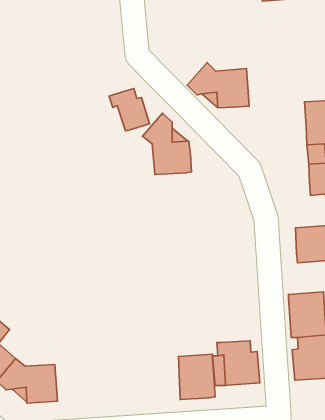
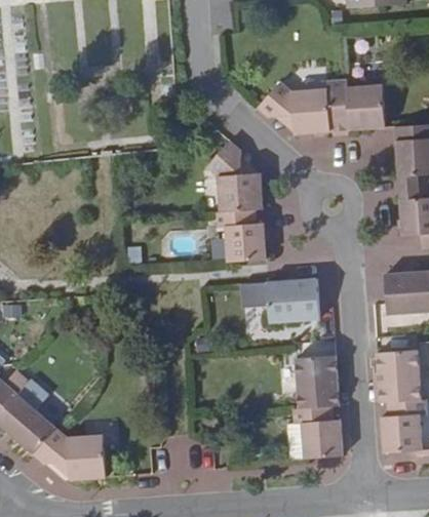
building: none -> [326,79,385,131]
building: [109,89,149,131] -> none
building: none -> [217,209,266,262]
building: none -> [245,278,319,323]
building: [178,354,215,400] -> [296,355,339,408]

